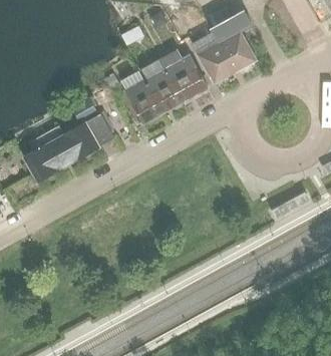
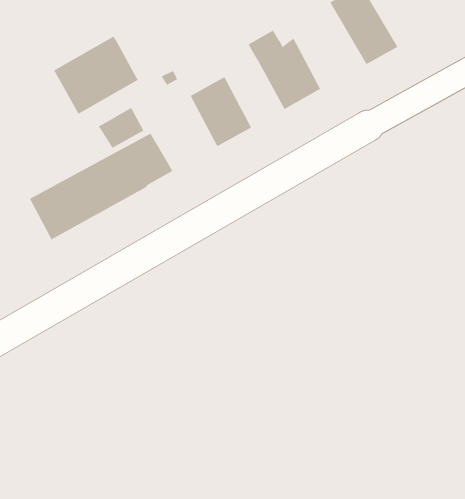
building: [195,38,235,81] -> none
building: none -> [53,35,139,115]
building: [146,67,184,109] -> none

